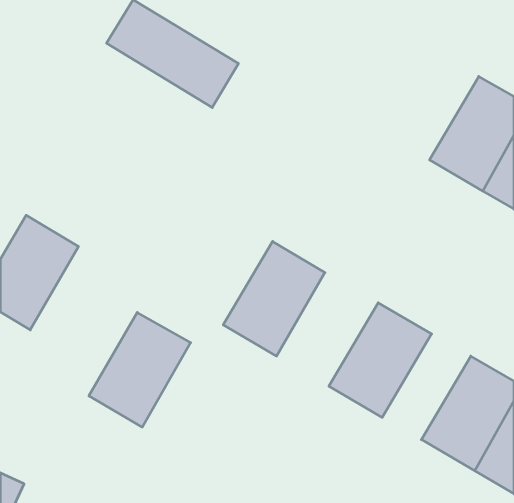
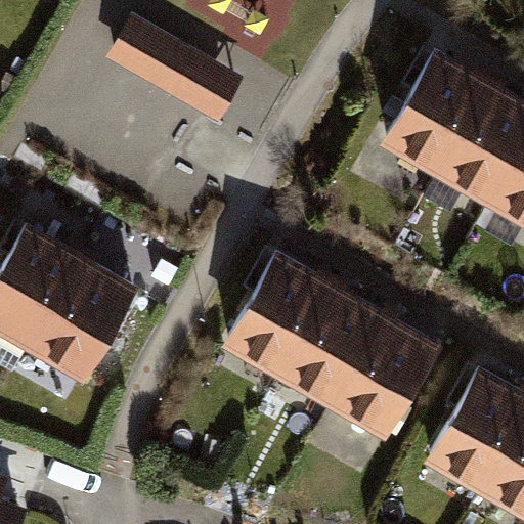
building: none -> [383,57,487,174]
building: none -> [281,289,385,404]
building: [89,312,191,427] -> [31,262,134,379]

